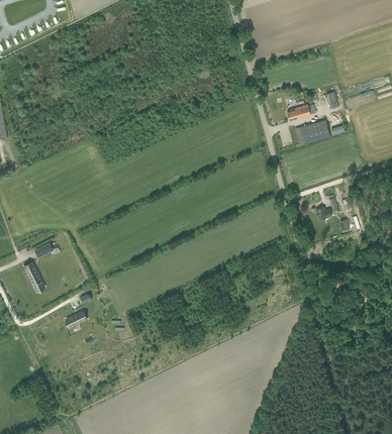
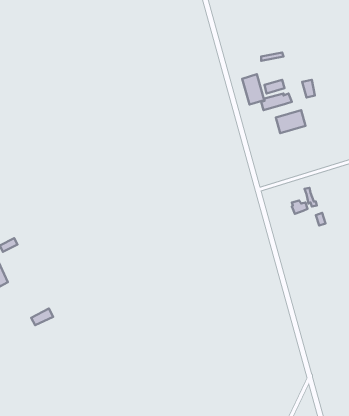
building: none -> [242,74,264,105]

